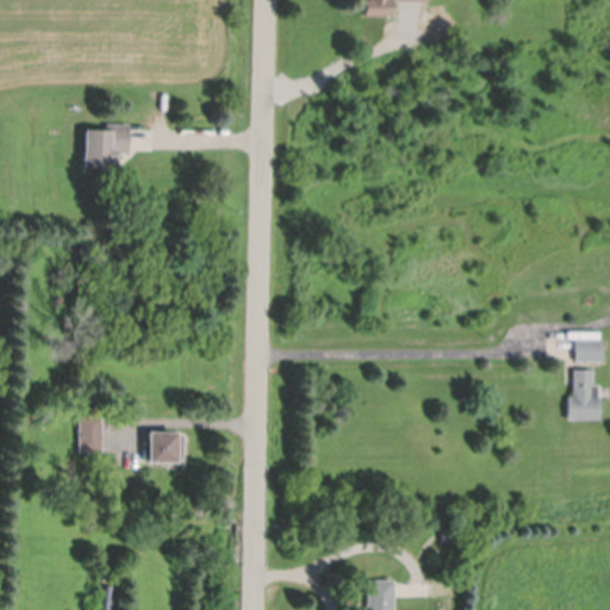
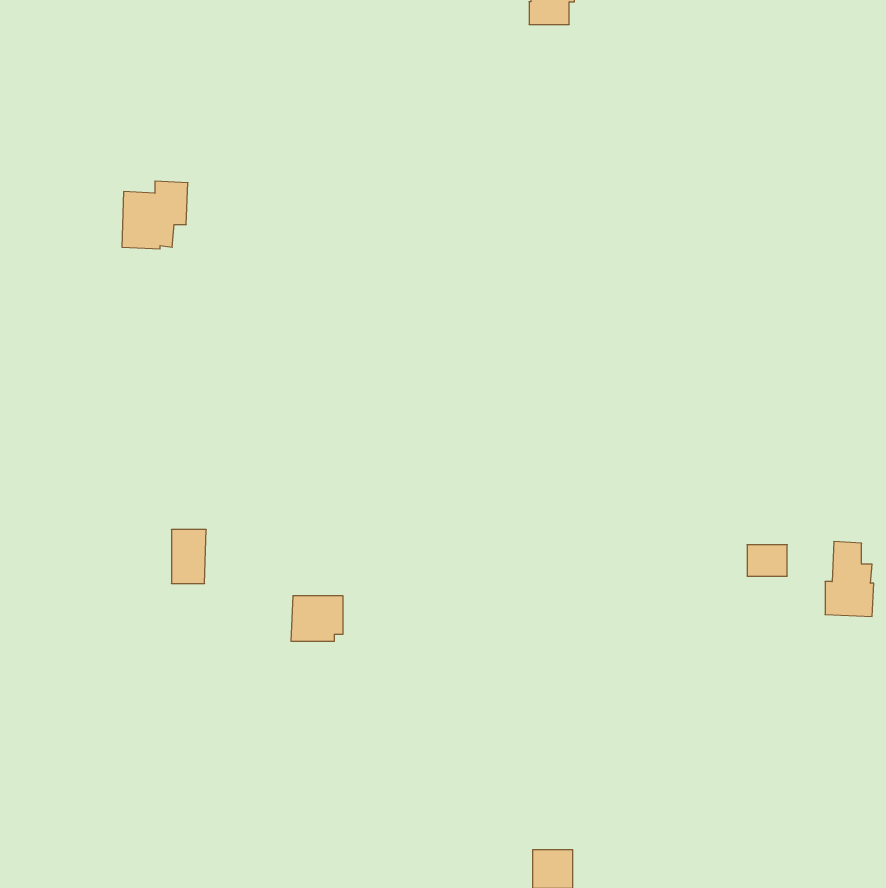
building: [574,341,602,362] -> [747,545,787,576]
building: [81,416,105,453] -> [171,530,206,583]
building: [149,435,185,466] -> [291,596,343,641]

